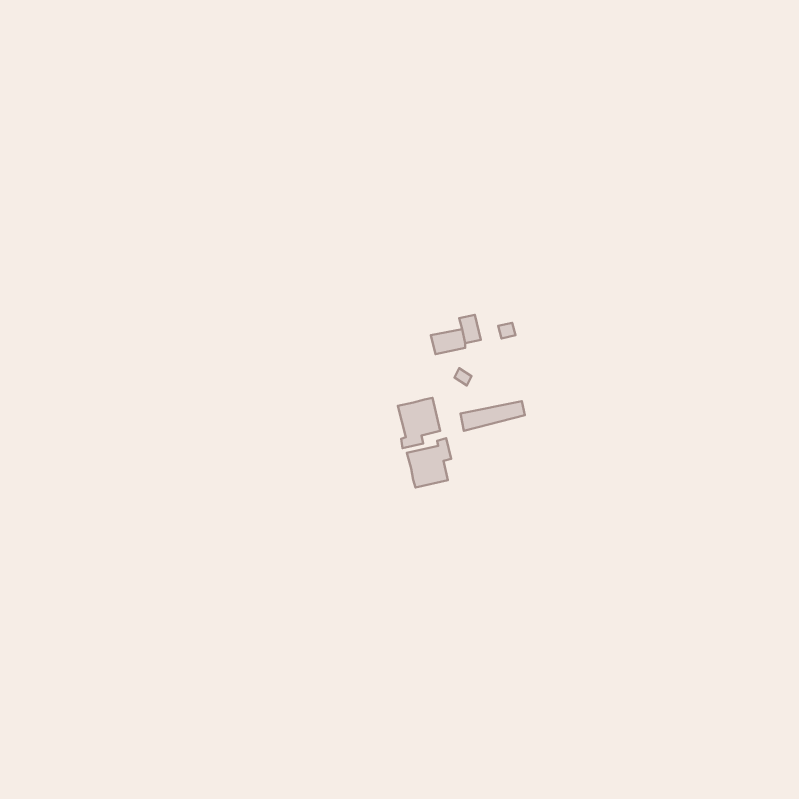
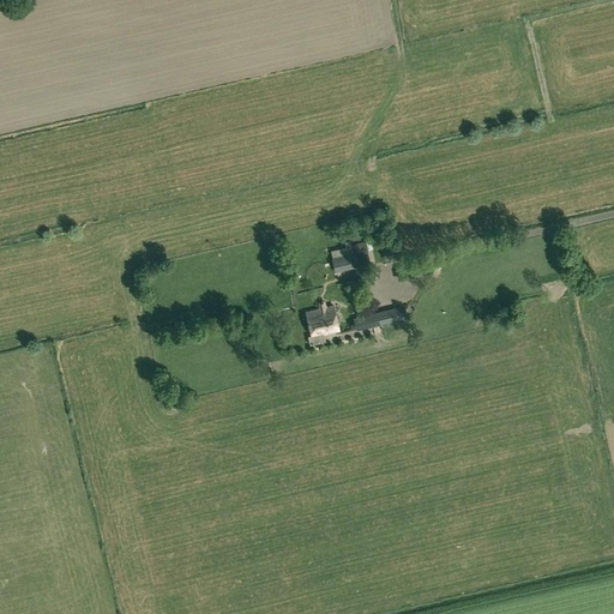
building: [407,438,451,488] -> none

